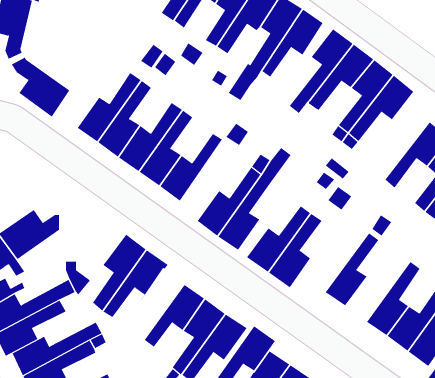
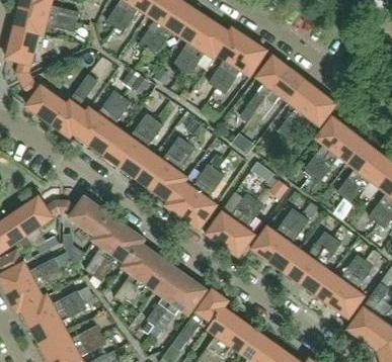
building: none -> [53,74,97,137]
building: none -> [305,115,348,173]
building: none -> [153,142,195,205]
building: none -> [63,196,110,236]
building: none -> [250,208,301,261]
building: none -> [283,231,333,284]
building: none -> [112,243,156,302]

